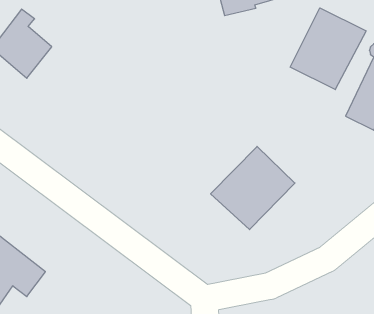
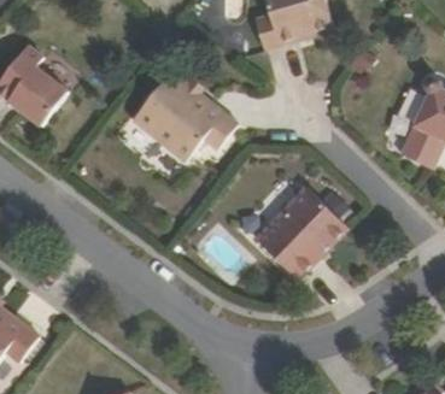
building: [290,8,366,90] -> none
building: none -> [130,64,238,157]

